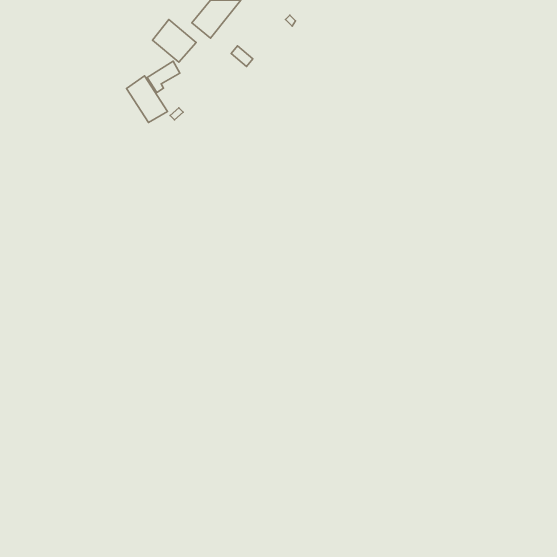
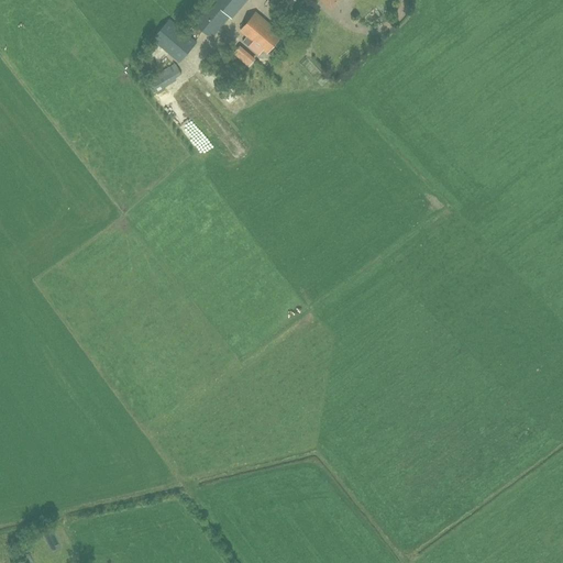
building: none -> [240,12,283,53]
building: [127,76,168,123] -> none

